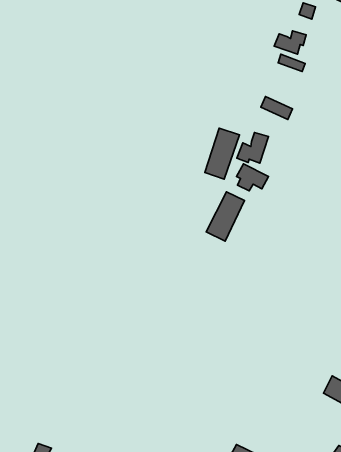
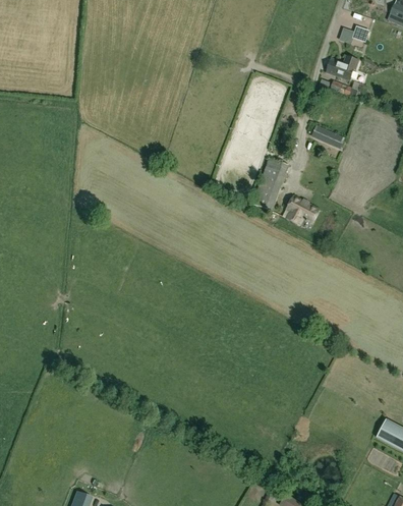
building: [237,132,269,163] -> none
building: [206,192,245,241] -> none

